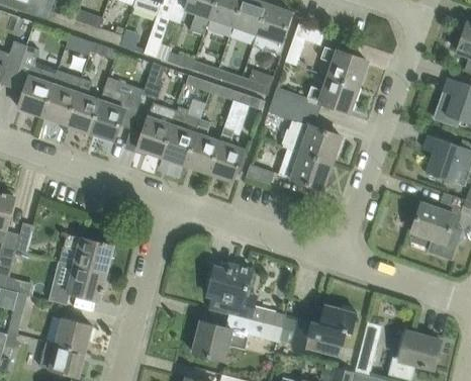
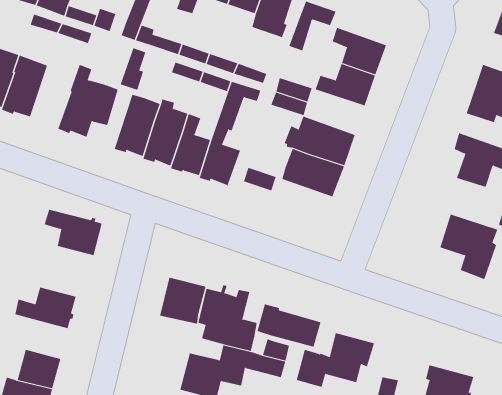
building: [66,78,100,131] -> none
building: [63,233,112,273] -> [44,209,102,256]
building: none -> [160,277,206,324]
building: none -> [257,303,321,348]

